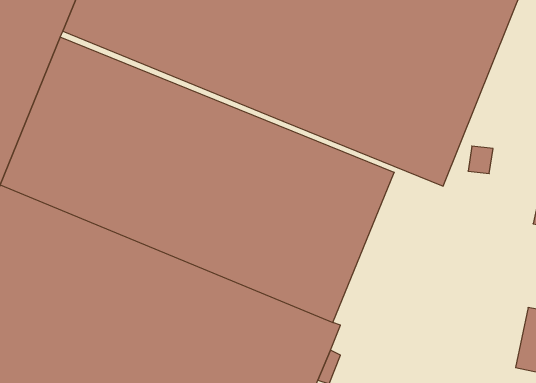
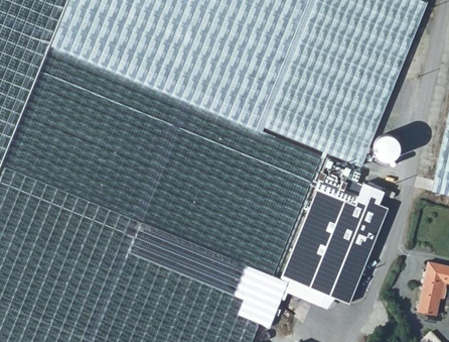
building: none -> [281,159,389,306]

